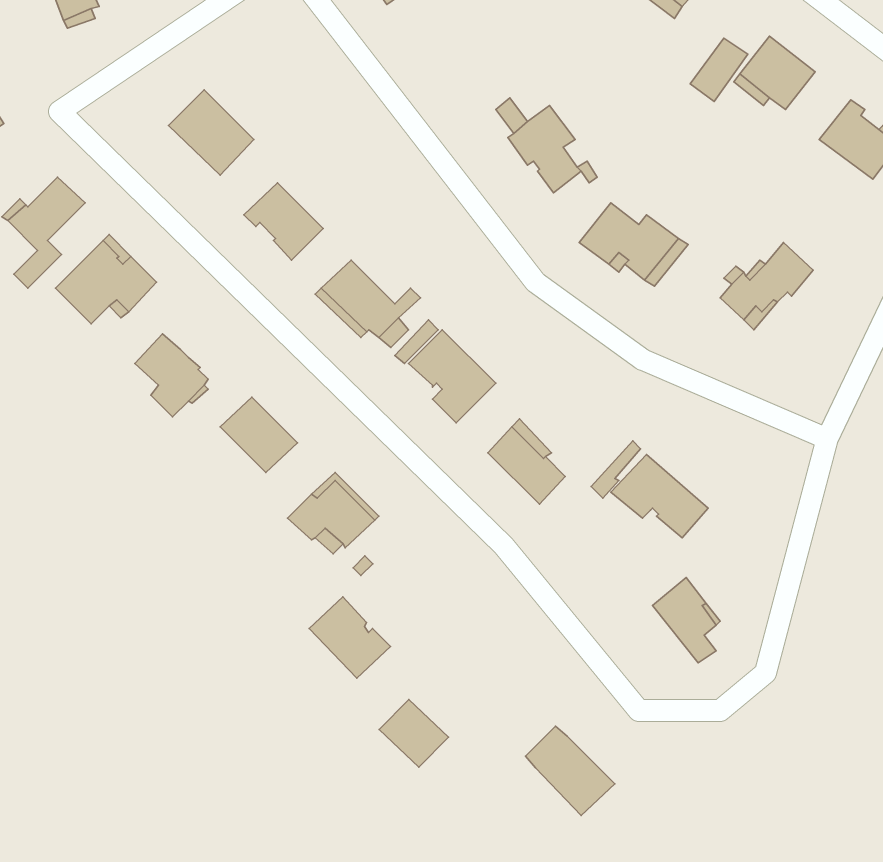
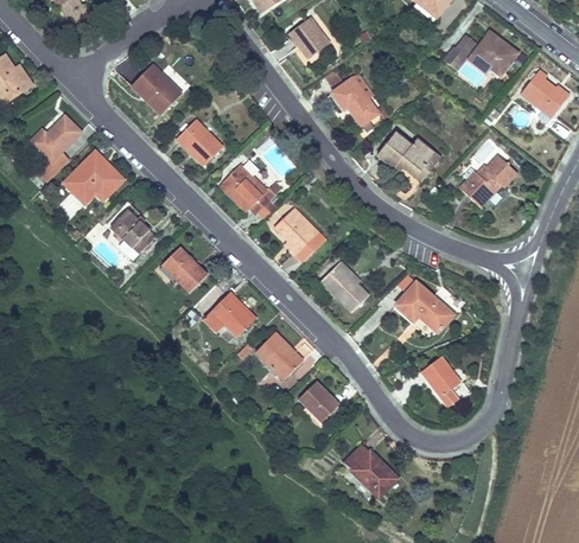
building: none -> [290,17,330,58]
building: [309,597,390,678] -> [255,331,304,379]
building: [379,700,449,767] -> [298,381,339,421]

